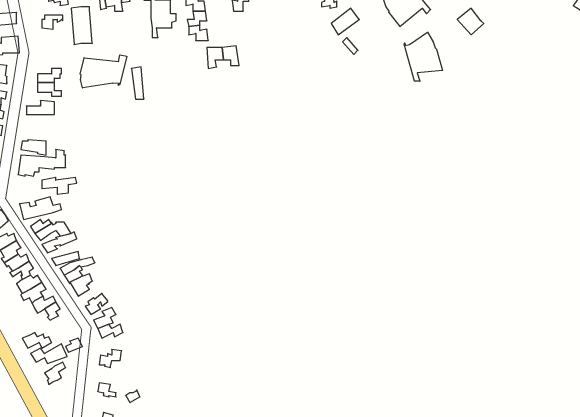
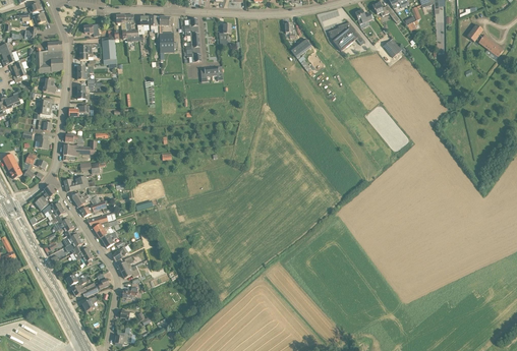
building: [404,32,443,81] -> none
building: [80,55,127,88] -> none

